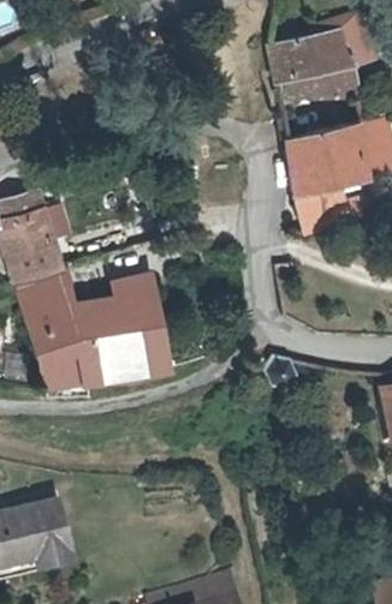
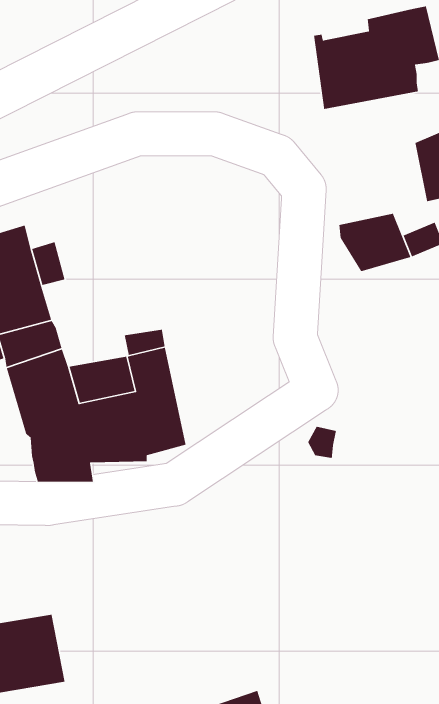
building: [284,124,362,192] -> none

